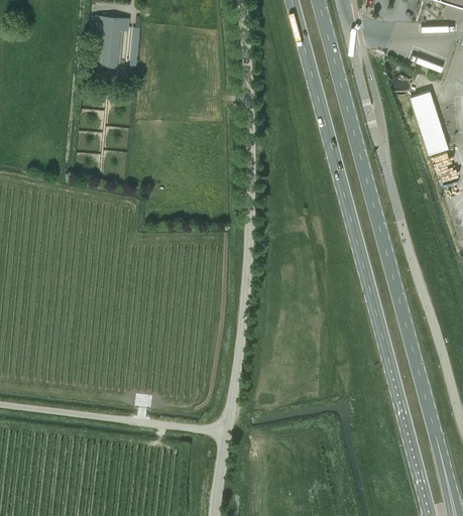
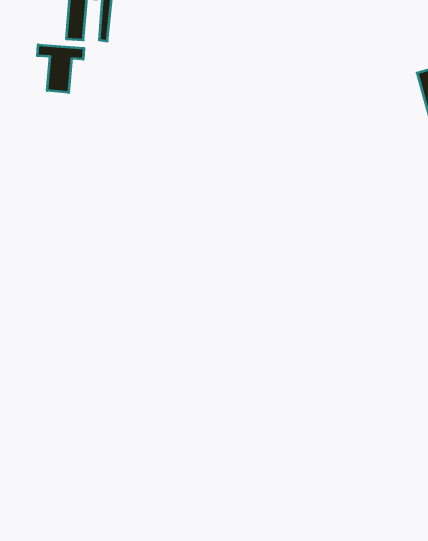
building: none -> [37,45,84,93]

